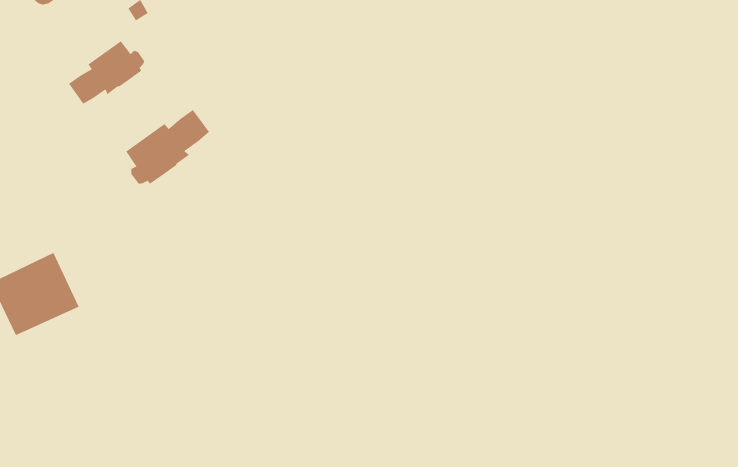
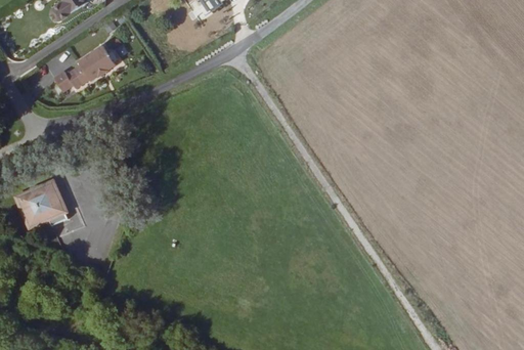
building: [125,109,210,185] -> none

